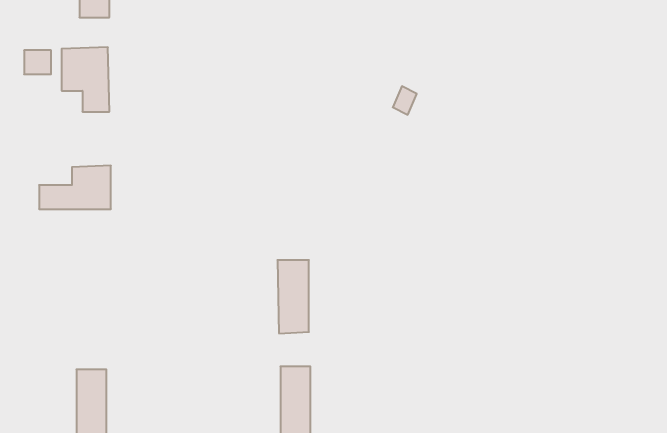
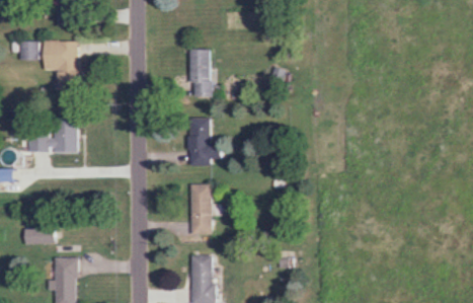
building: none -> [190,51,211,95]
building: none -> [189,119,209,165]
building: none -> [23,229,53,244]

